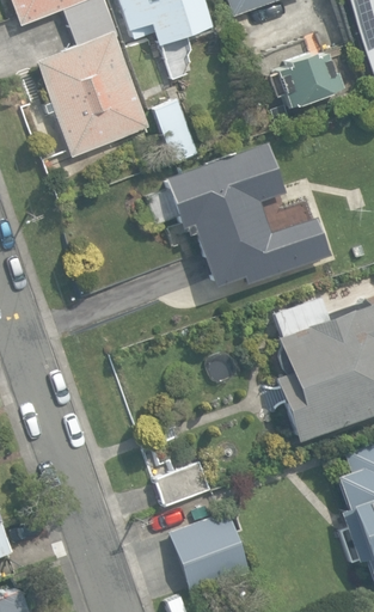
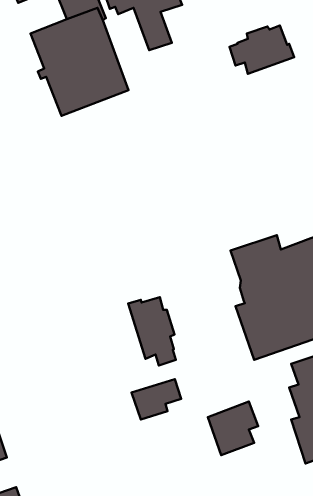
building: [154,99,331,286] -> none
building: none -> [128,297,176,366]
building: [176,516,234,579] -> [208,402,258,455]

